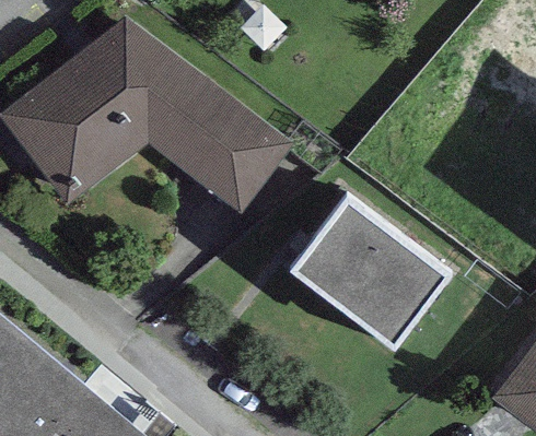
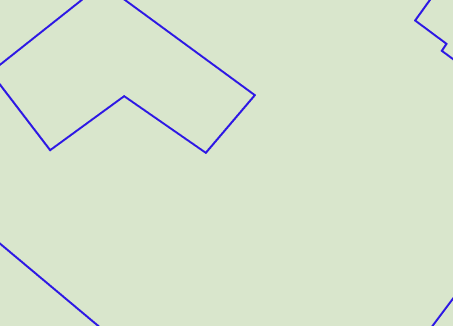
building: [286,190,451,349] -> none

